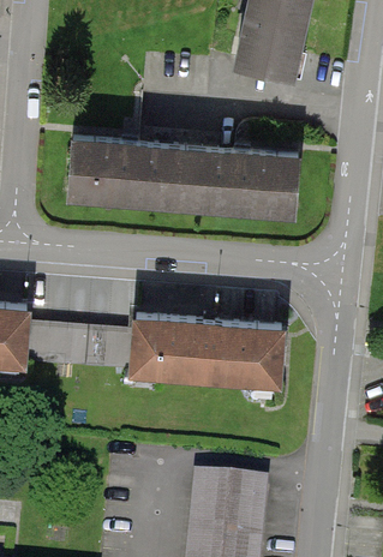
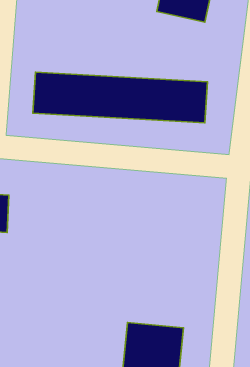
building: [50,323,286,381] -> none

